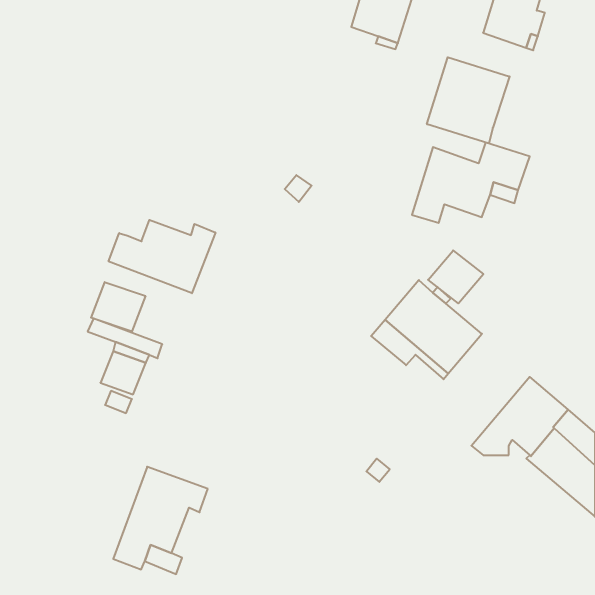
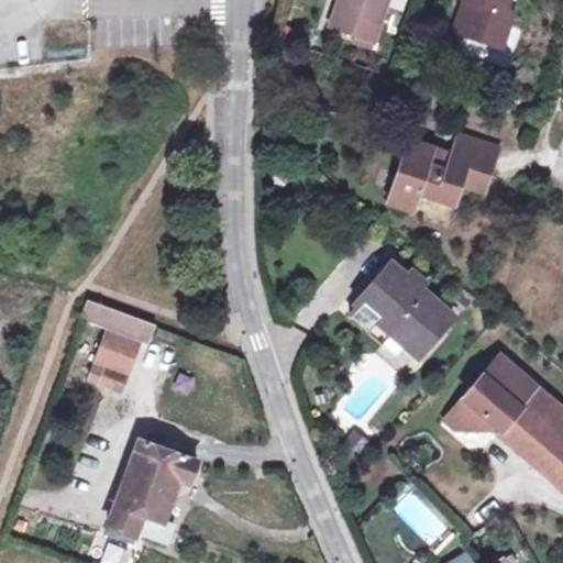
building: [427,57,510,143] -> none
building: [109,220,215,293] -> none
building: [428,250,483,303] -> none
building: [91,282,145,332] -> none

